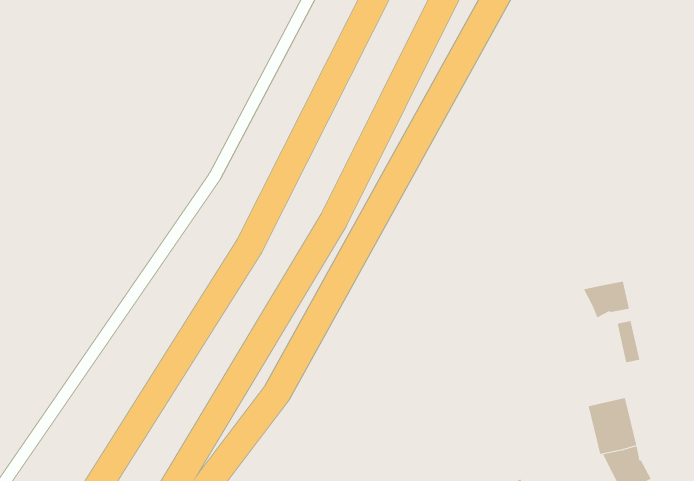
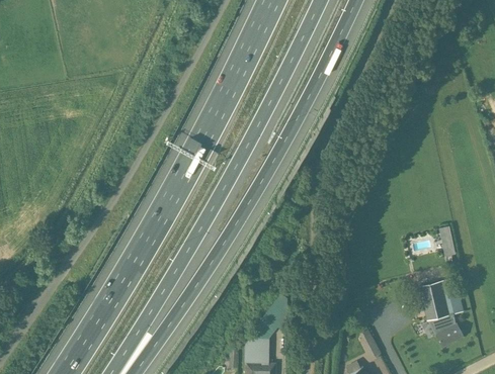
building: [583,281,629,318] -> none

